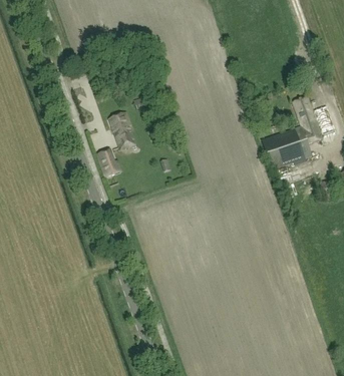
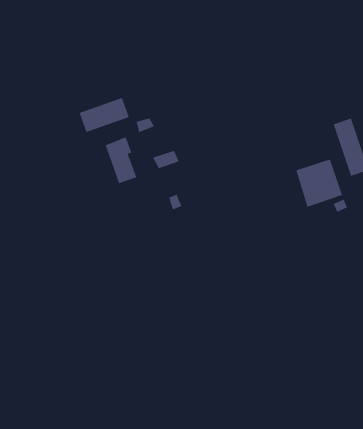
building: none -> [79,97,129,133]
building: [96,149,121,176] -> none

